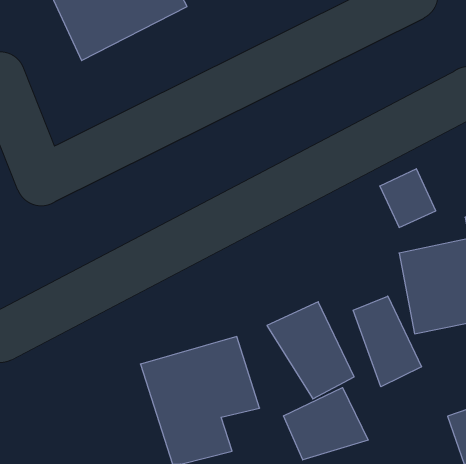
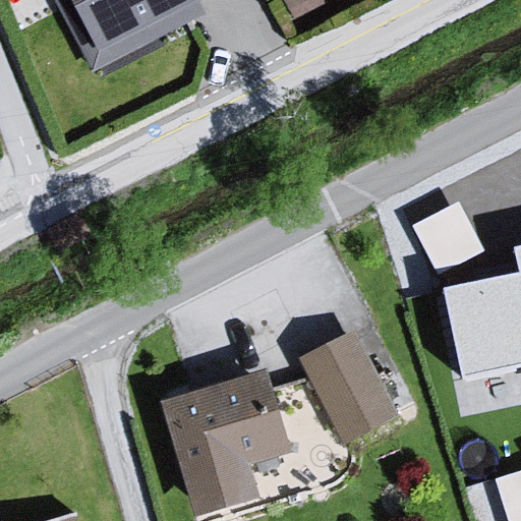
building: [353,296,421,387] -> none
building: [284,388,368,460] -> none

